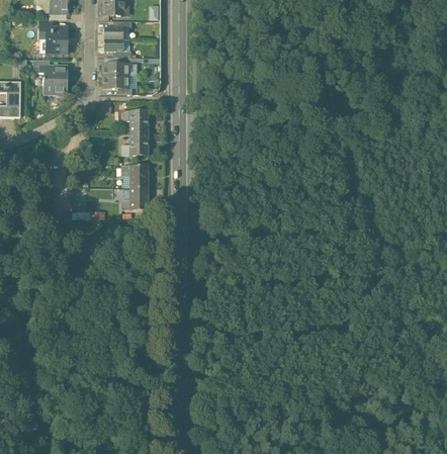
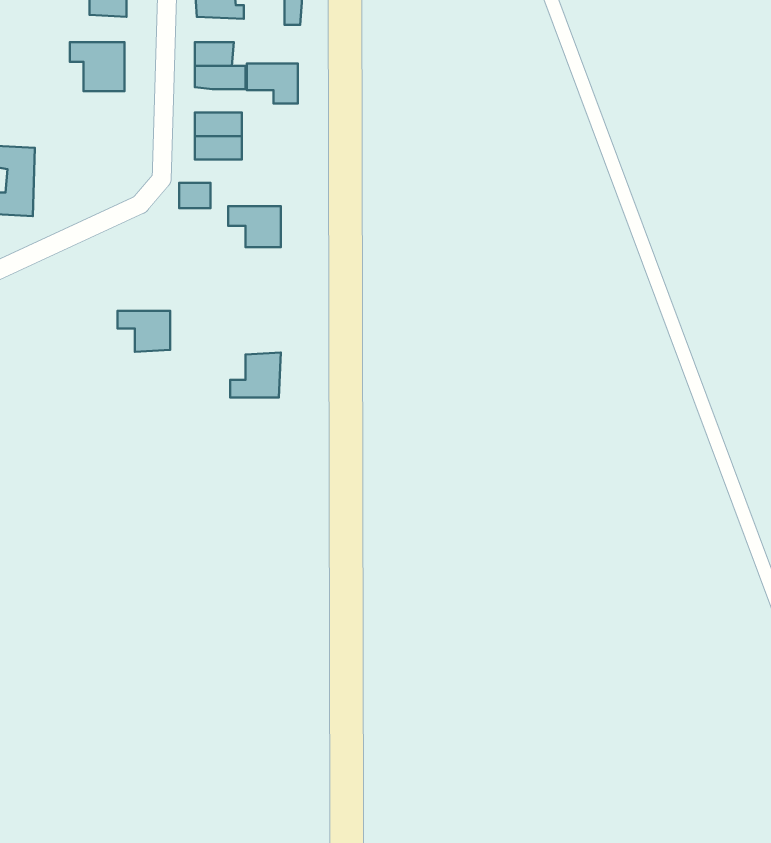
building: none -> [247,64,298,103]
building: [42,72,67,93] -> none
building: [120,132,148,156] -> none
building: [120,167,148,188] -> [117,311,170,352]

